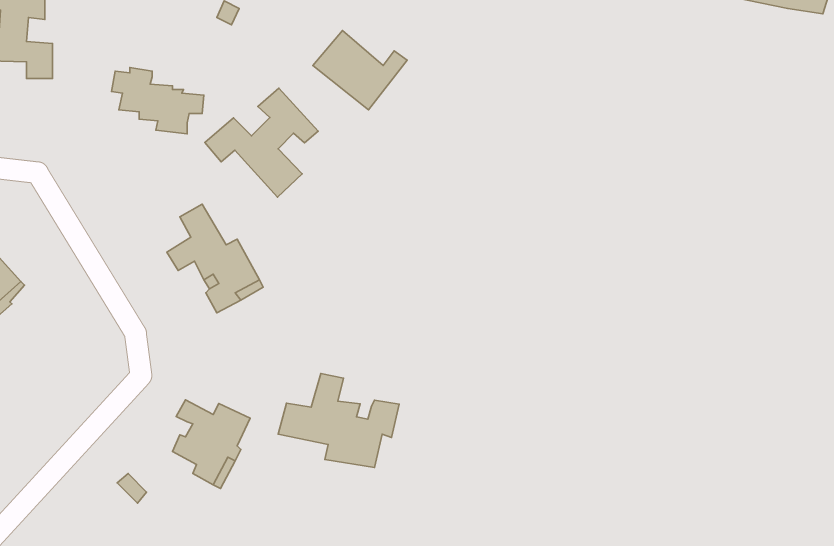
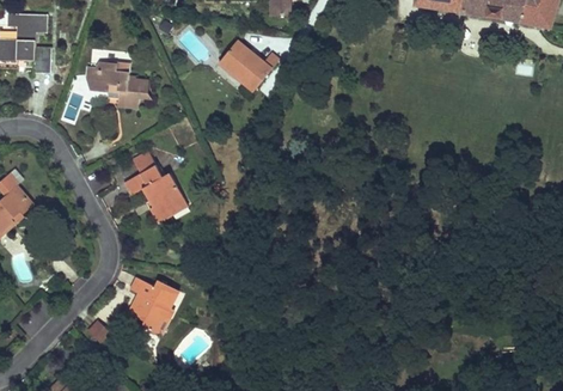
building: [205,88,318,197] -> none
building: [278,373,399,467] -> none

